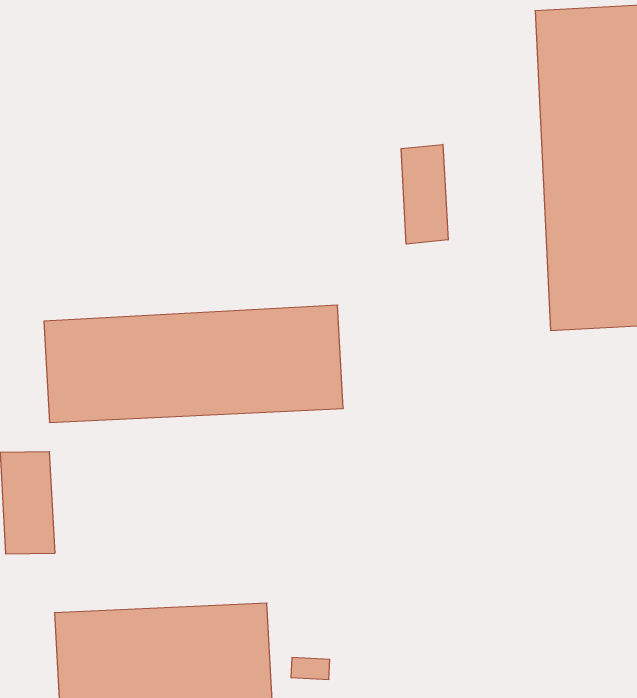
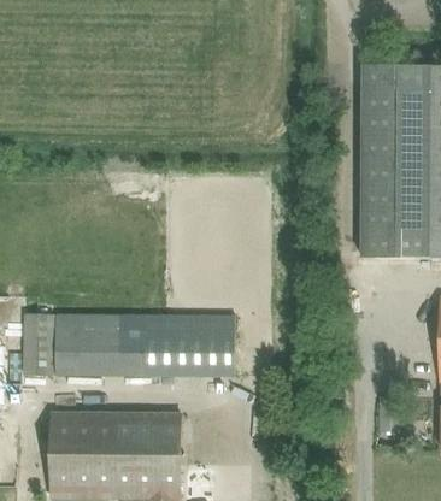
building: [401,144,448,244] -> none
building: [44,305,343,423] -> [55,313,234,376]

